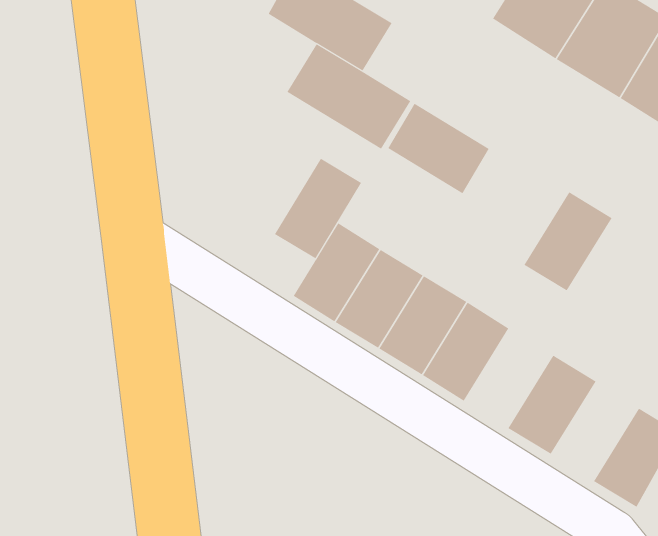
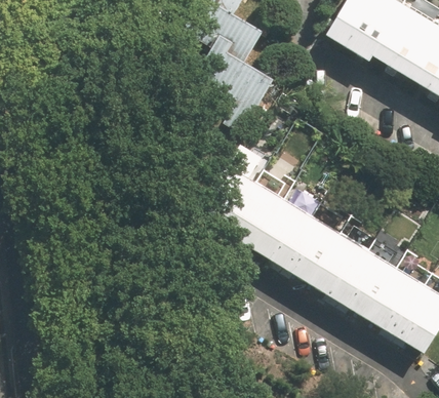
building: [387,103,490,194] -> none
building: [274,158,362,259] -> none
building: [524,192,612,291] -> [307,233,365,298]
building: none -> [364,268,422,333]

